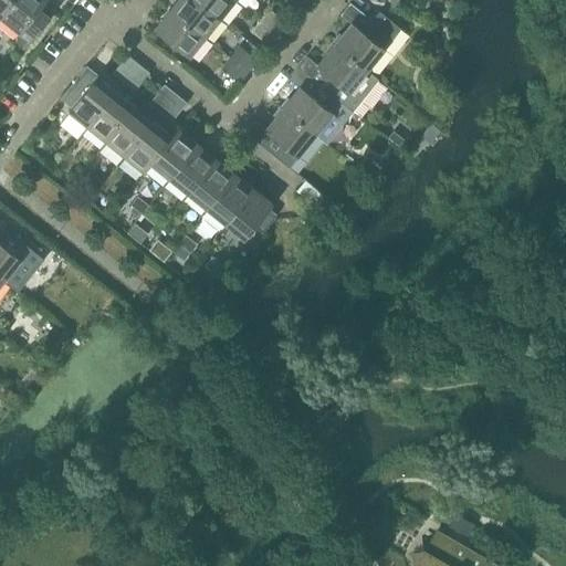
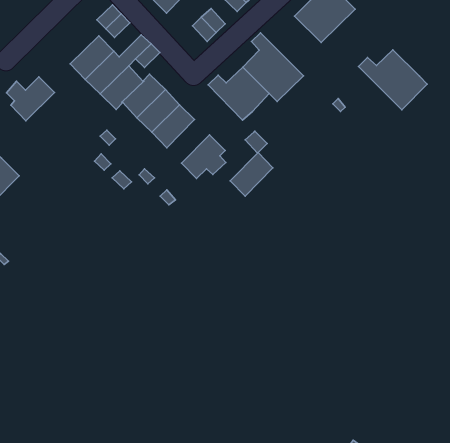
building: [297,45,377,112] -> [359,50,427,110]
building: [62,77,116,128] -> [6,77,55,121]
building: [207,175,253,226] -> [230,153,273,196]

